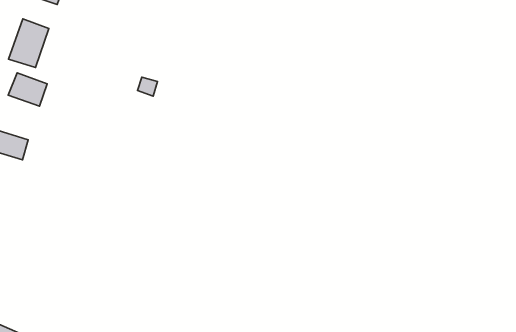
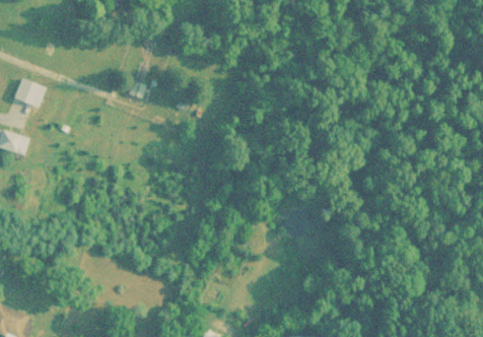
building: [9,19,49,68] -> none

